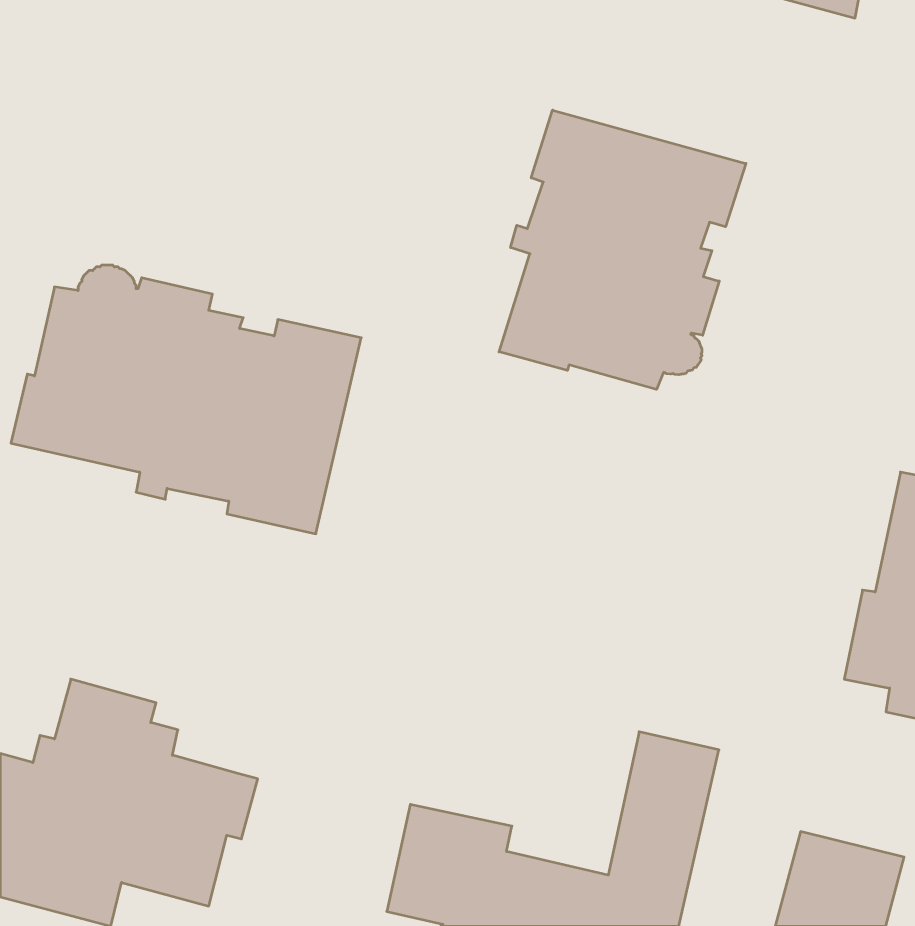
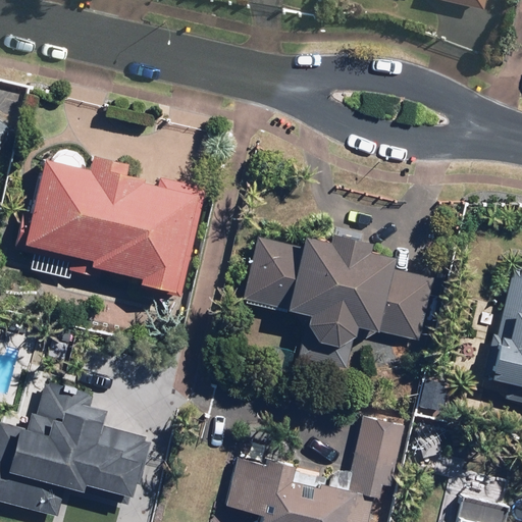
building: [499,110,746,389] -> none
building: none -> [244,230,437,369]

